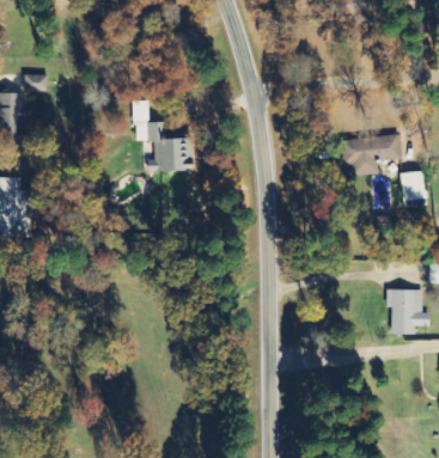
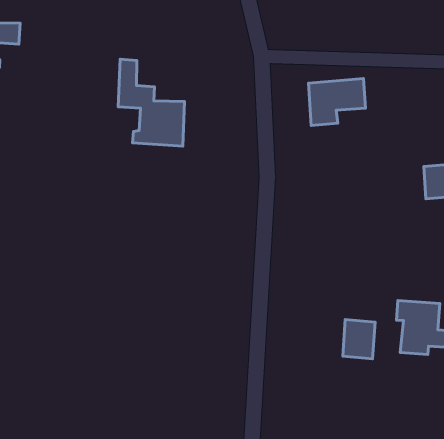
building: [350,133,401,176] -> [308,79,366,125]
building: none -> [343,319,375,359]

